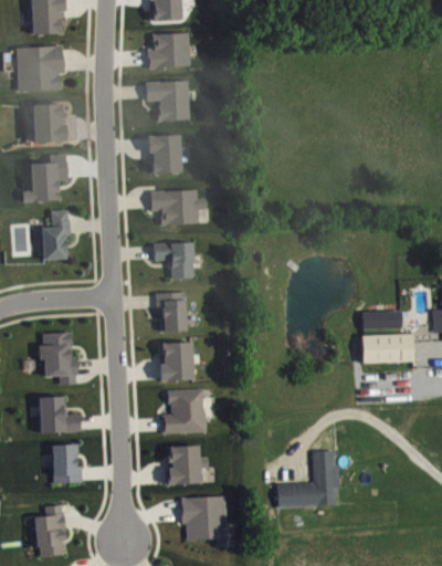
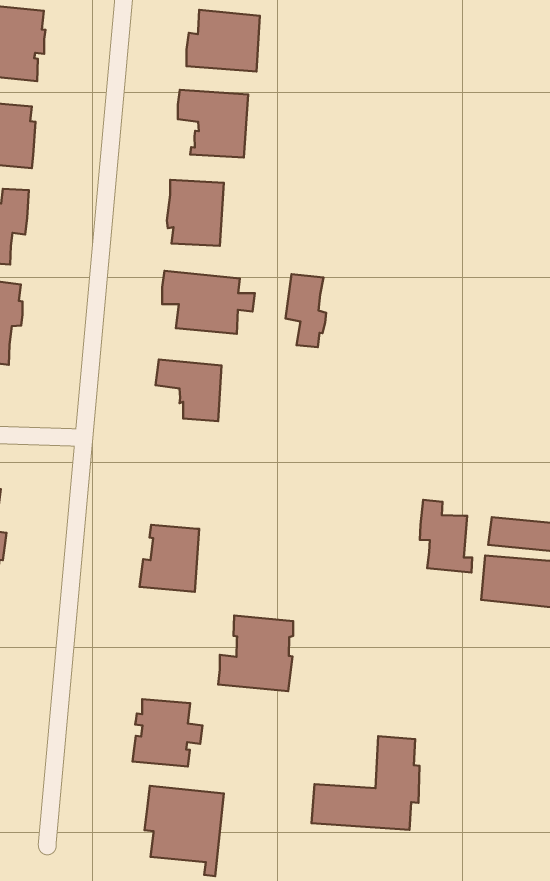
building: none -> [285,274,326,347]
building: [156,293,185,331] -> none
building: none -> [420,500,472,573]
building: [161,389,204,432] -> [218,615,293,691]

